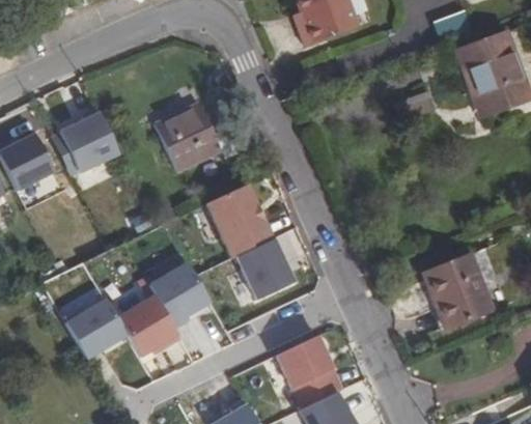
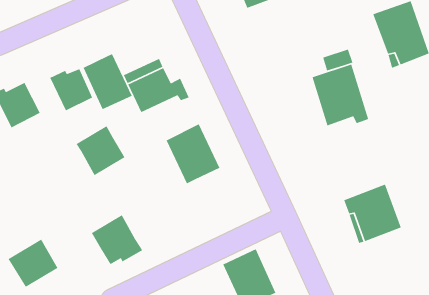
building: none -> [82,53,133,110]
building: none -> [312,64,369,126]
building: [236,238,295,300] -> none
building: [147,262,208,324] -> [75,125,125,176]
building: [63,299,125,359] -> [8,238,58,288]

